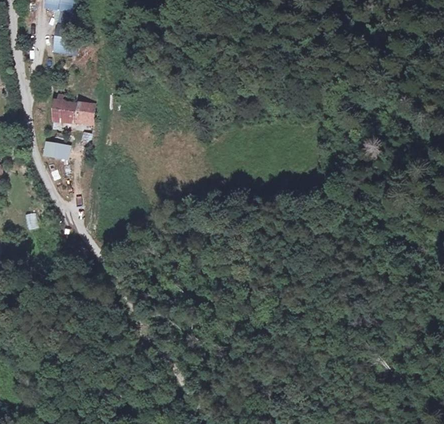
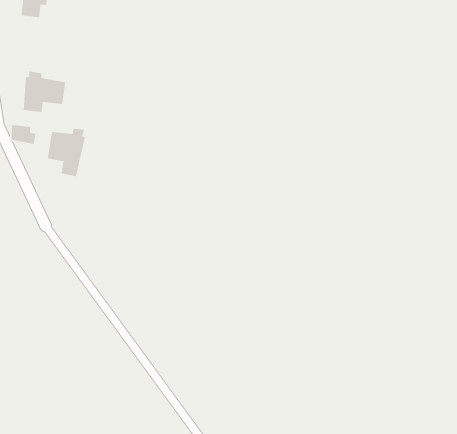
building: none -> [47,128,86,177]

